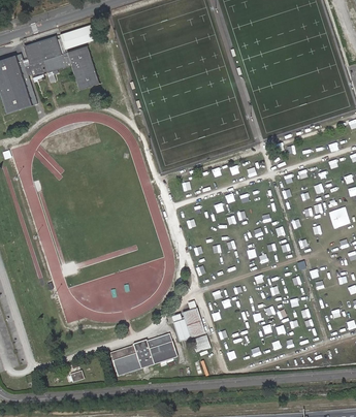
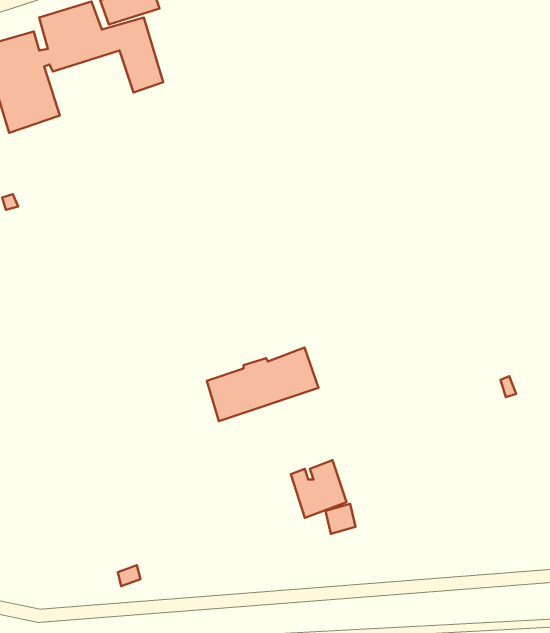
building: [110,331,176,375] -> [207,348,319,421]

